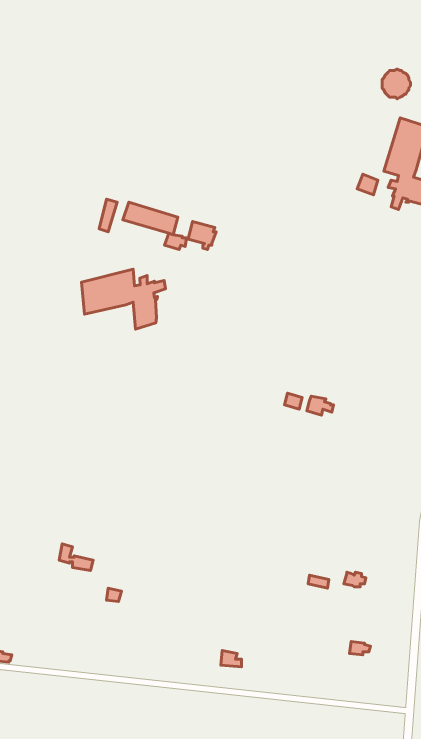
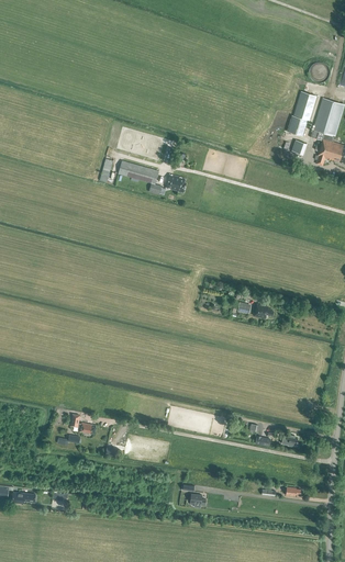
building: none -> [287,91,316,136]
building: [82,269,165,329] -> none

